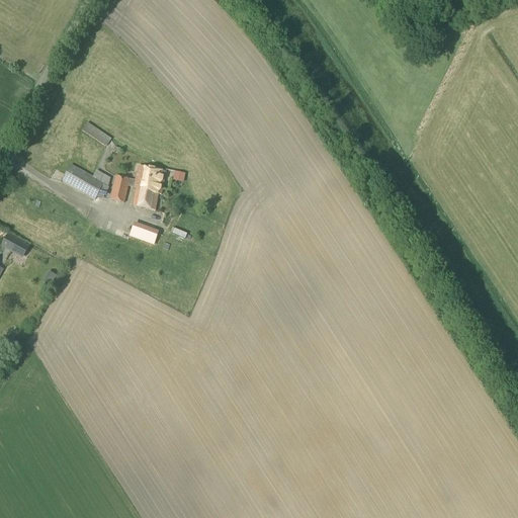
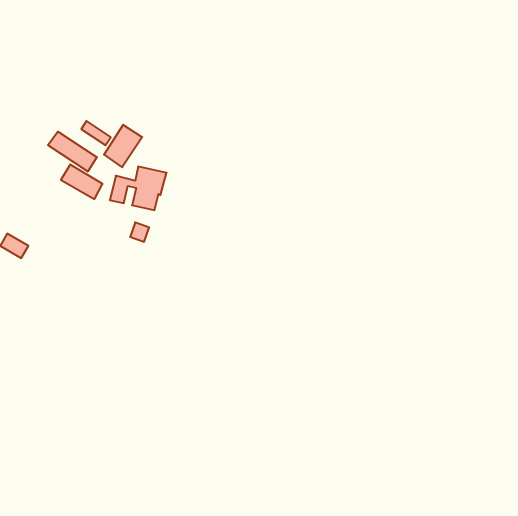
building: none -> [104,125,142,167]
building: none -> [48,132,97,172]

